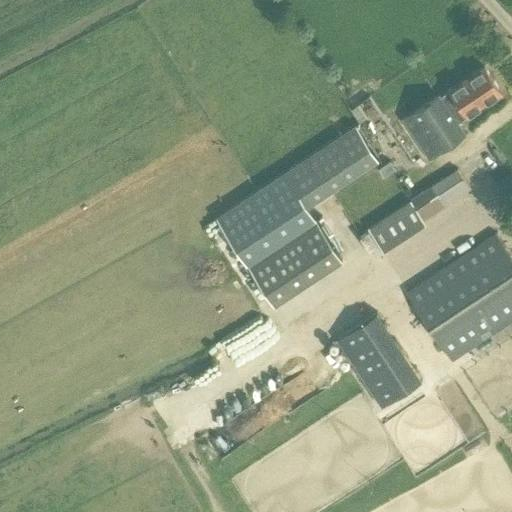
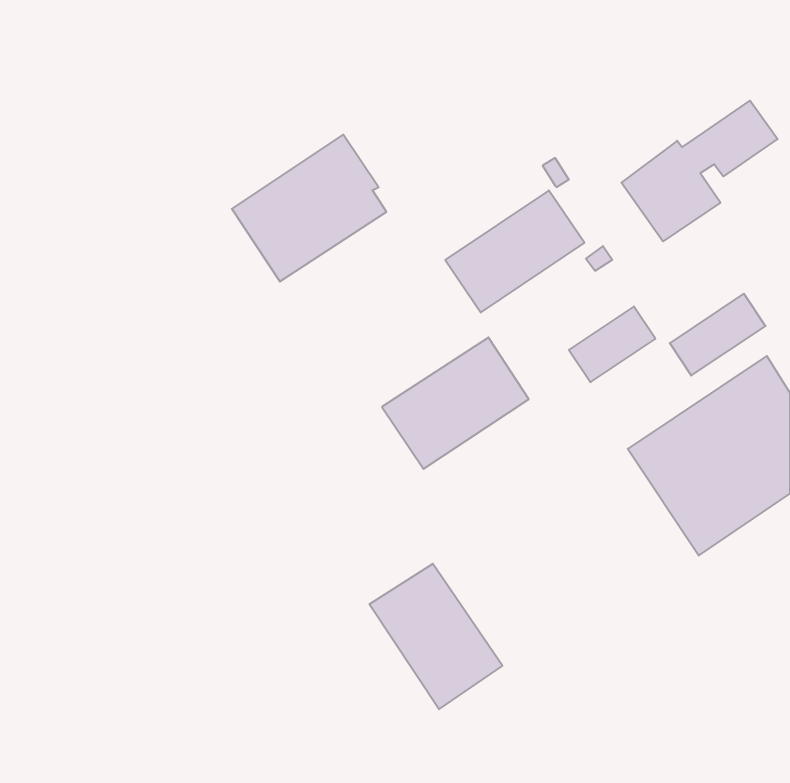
building: [410,171,472,224] -> [670,294,766,376]
building: [216,173,316,268] -> [232,135,386,282]
building: [337,316,423,410] -> [369,564,502,709]

